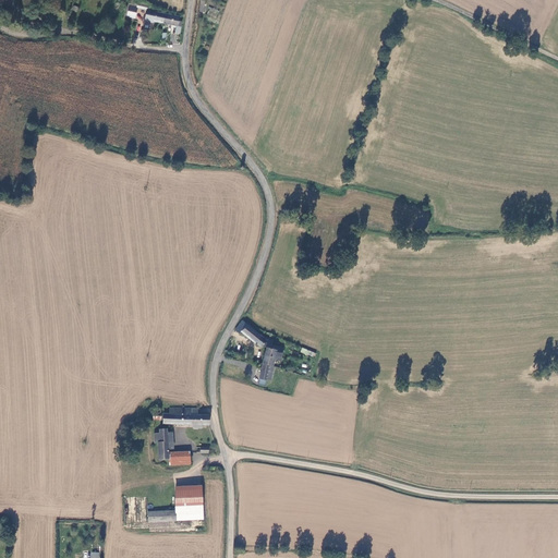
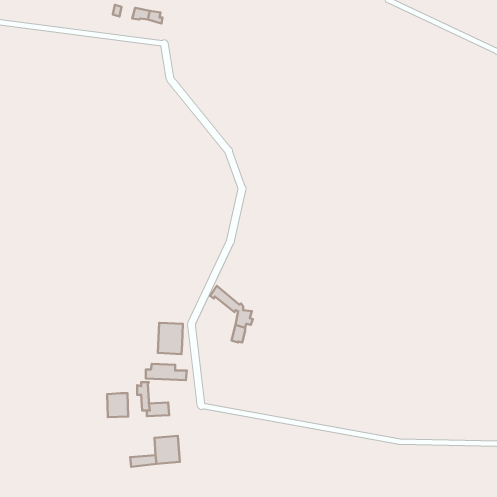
building: none -> [158,323,183,354]
building: none -> [107,393,128,417]

